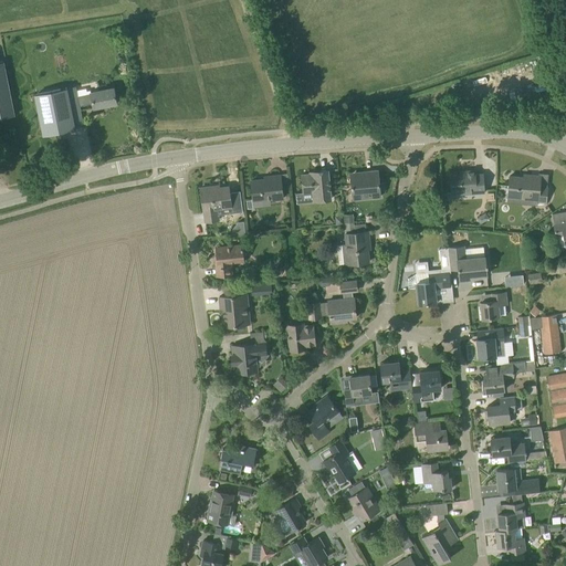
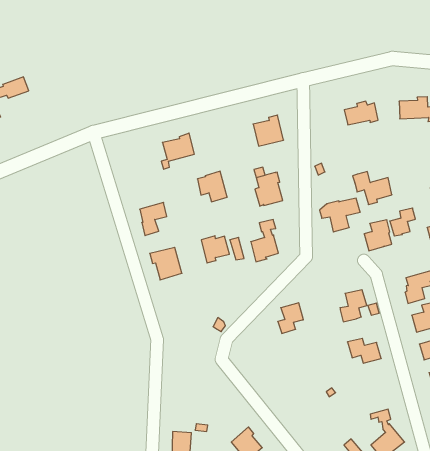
building: [302,171,331,202] -> [197,171,227,202]
building: [200,187,231,223] -> none
building: [287,324,315,352] -> [201,236,229,263]
building: [476,329,504,359] -> [364,220,392,251]
building: [232,344,266,374] -> none
building: [380,361,412,391] -> none
building: [308,397,338,440] -> none
building: [323,441,356,483] -> none
building: [221,444,256,474] -> none
building: [421,463,452,491] -> none
building: [346,488,380,522] -> none

